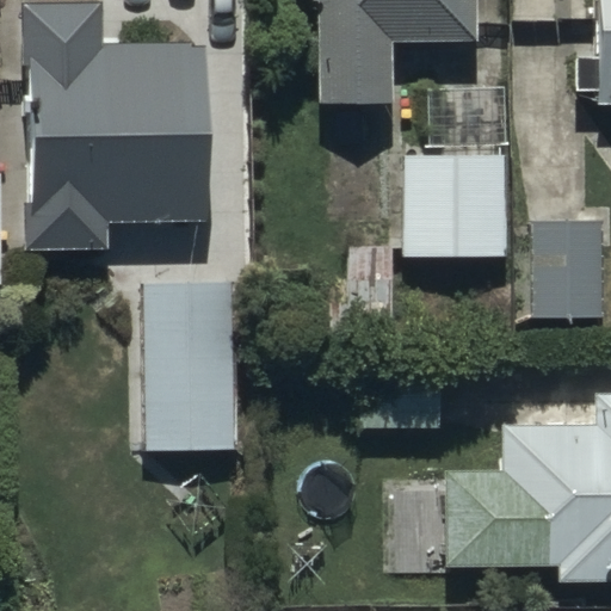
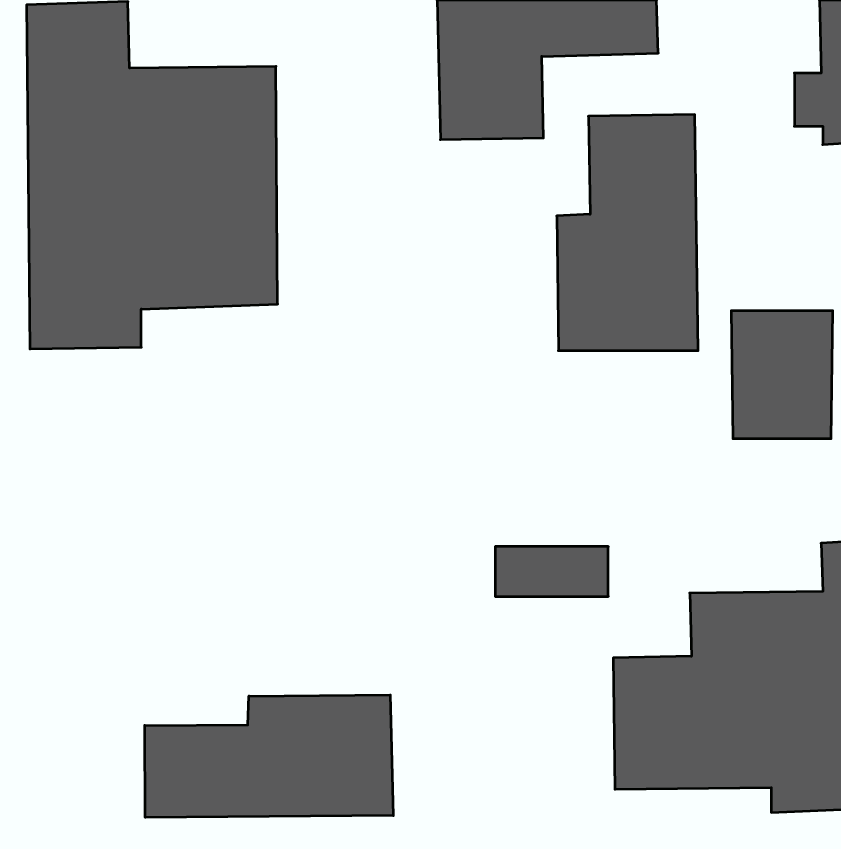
building: [142,284,236,451] -> none
building: none -> [145,695,393,817]

